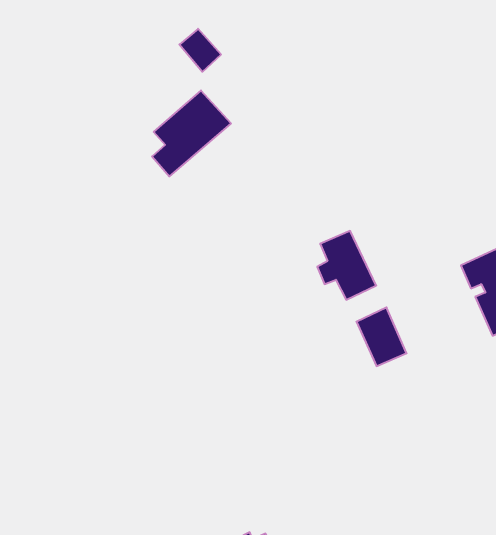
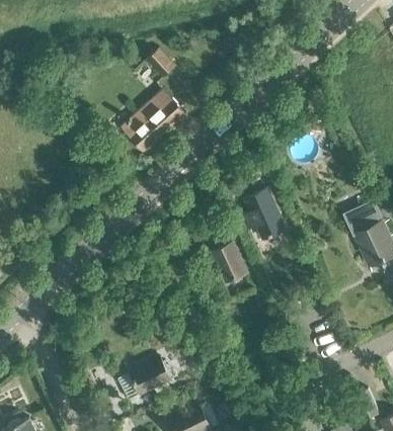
building: [356,307,407,366] -> [211,241,246,282]
building: none -> [129,358,170,395]

